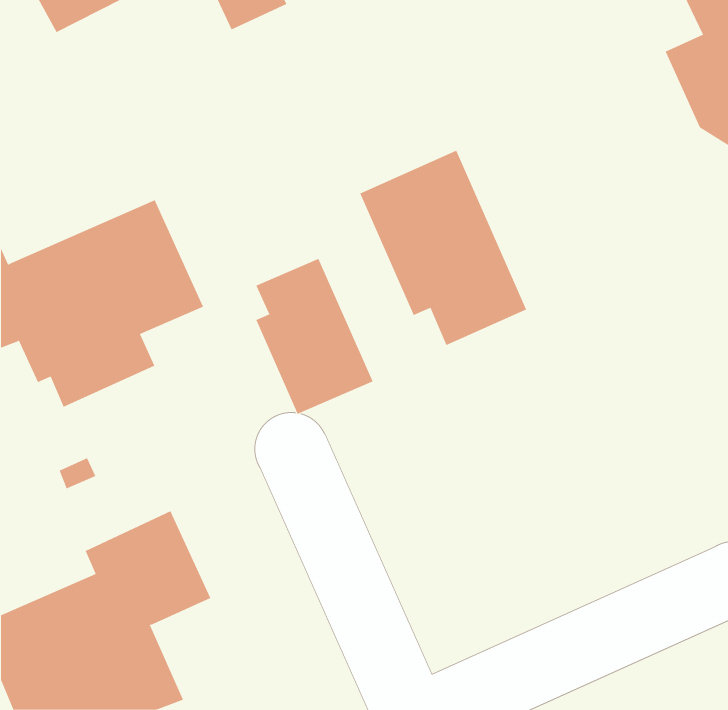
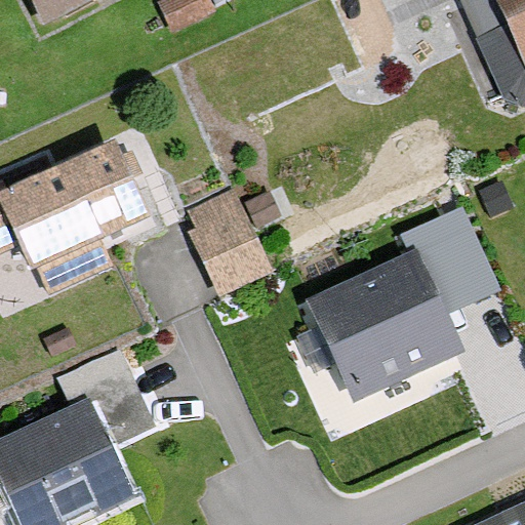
building: [359,150,527,346] -> none
building: none -> [306,207,499,401]

